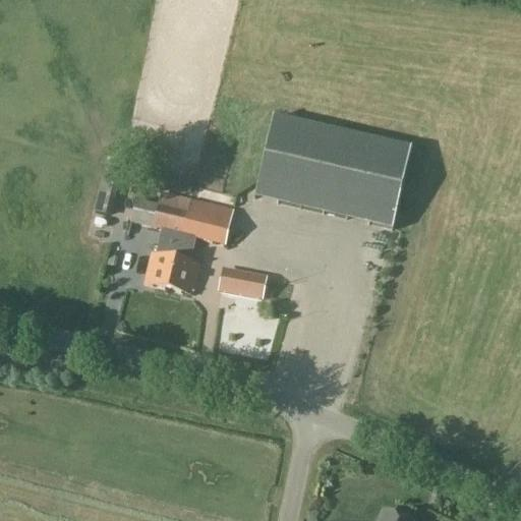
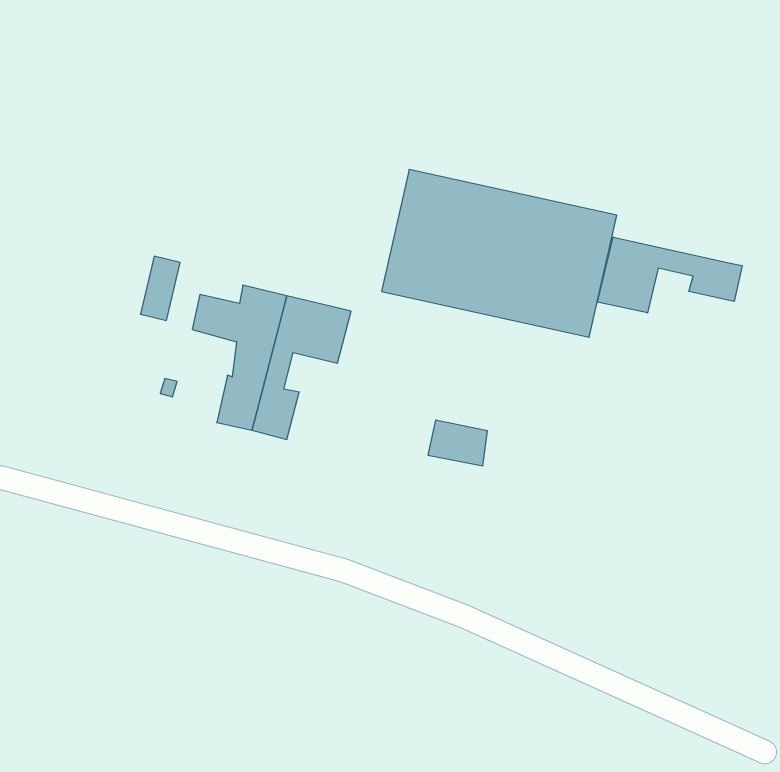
building: none -> [598,237,742,313]
building: [228,268,268,298] -> [428,420,487,466]

